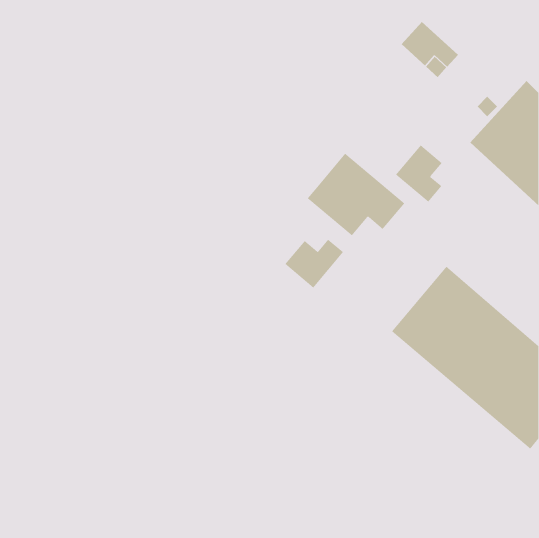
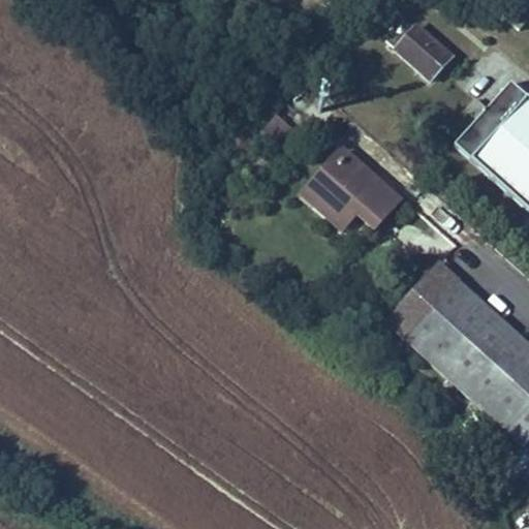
building: [395,144,443,203] -> none
building: [285,239,344,288] -> none

